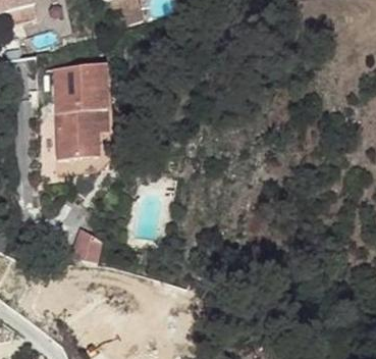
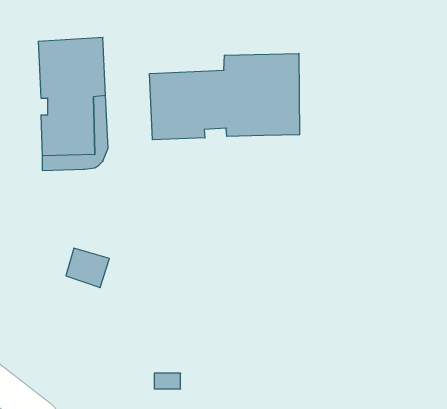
building: none -> [150,53,300,140]

